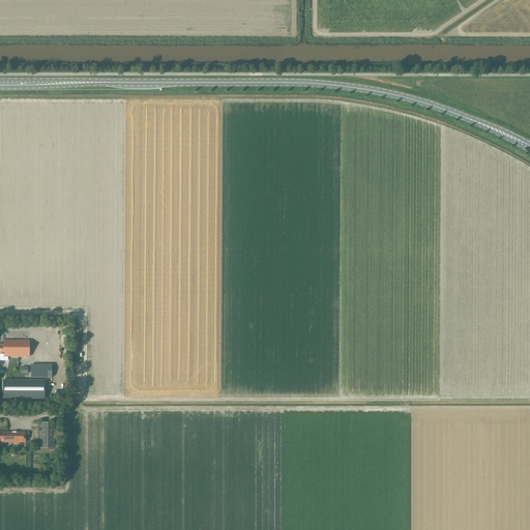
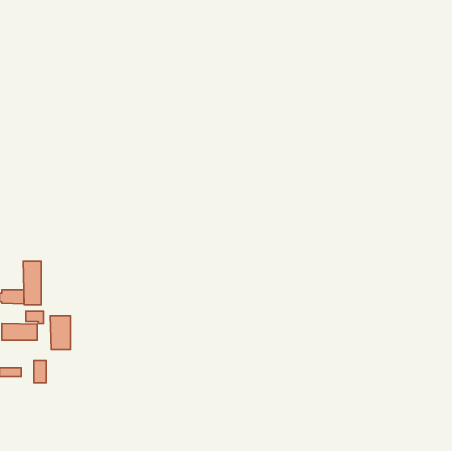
building: none -> [23,261,41,305]
building: none -> [50,316,71,350]

